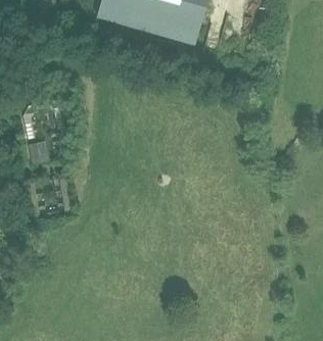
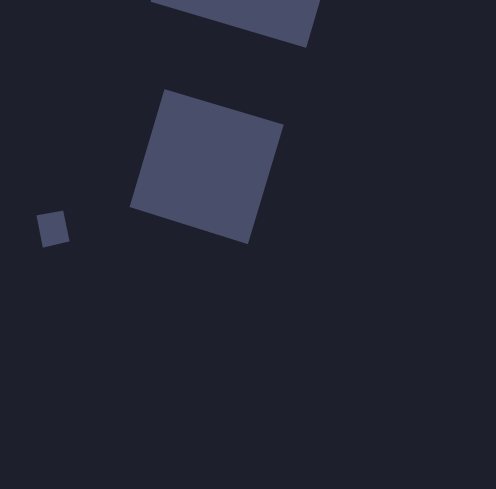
building: none -> [129,88,285,245]

